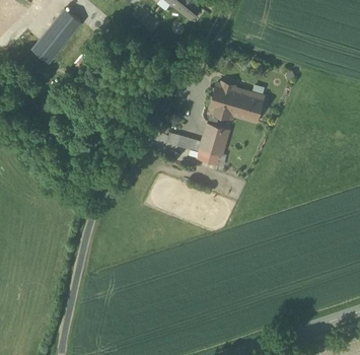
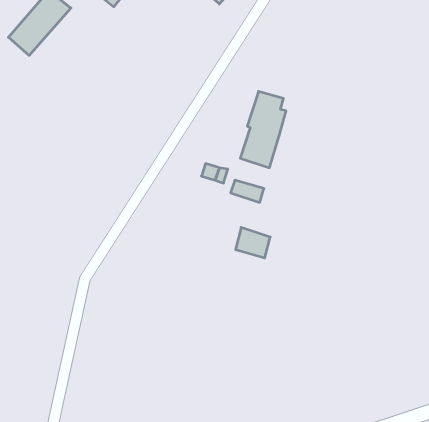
building: [233,89,263,123] -> none
building: [201,133,226,155] -> [236,227,270,258]

